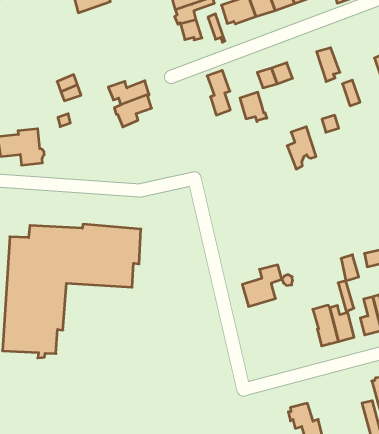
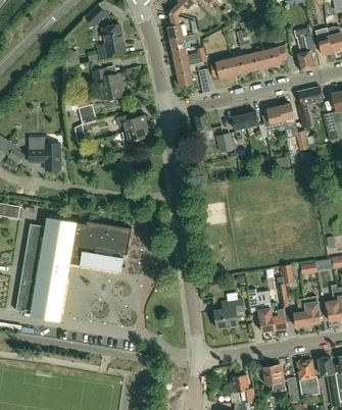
building: none -> [298,87,324,127]
building: none -> [94,66,126,102]
building: [287,127,316,169] -> [263,106,285,138]
building: [242,265,282,306] -> [213,299,244,328]
building: none -> [263,365,286,392]

